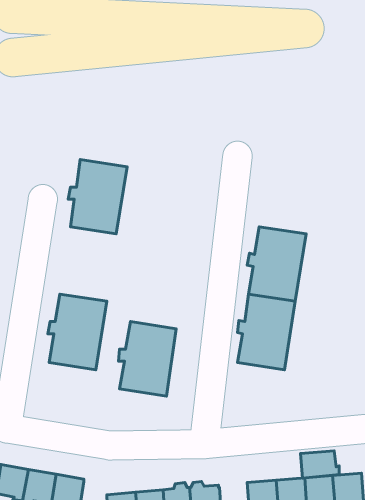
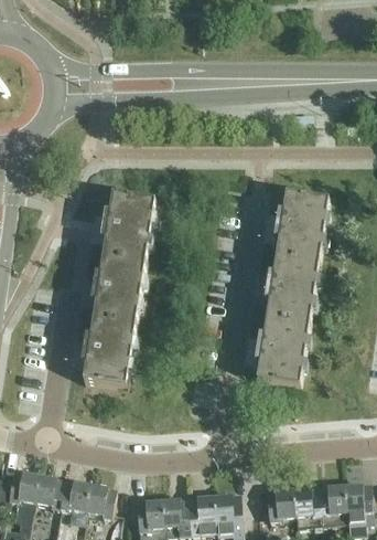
building: none -> [273,193,327,263]
building: [118,322,176,396] -> [90,256,143,325]
building: [300,451,339,478] -> none

